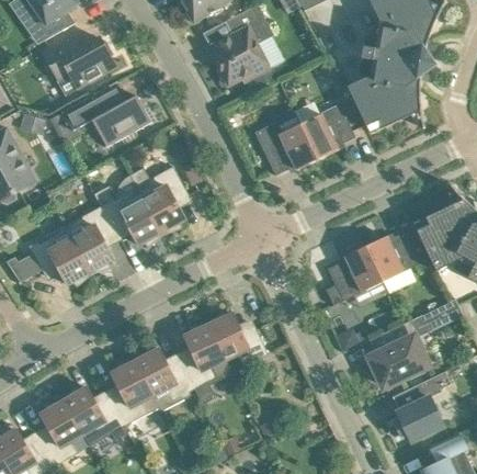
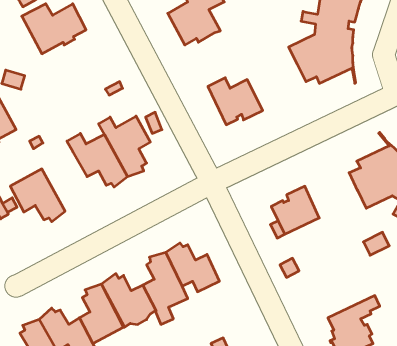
building: [61,81,151,147] -> none
building: [299,101,357,159] -> none
building: [65,206,116,274] -> none
building: [365,230,422,282] -> none
building: [368,319,432,386] -> none

